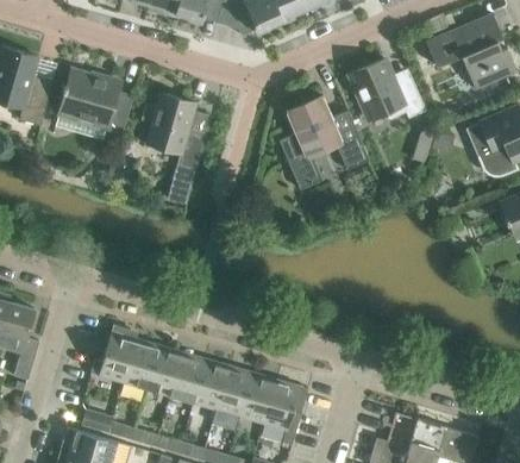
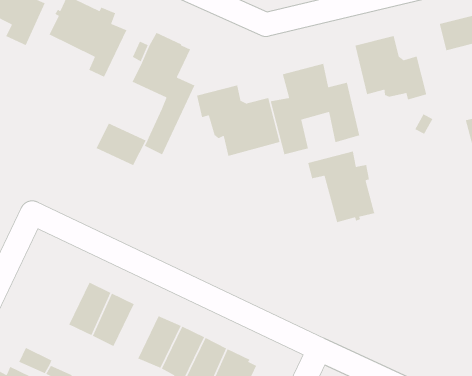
building: none -> [196,84,281,157]
building: none -> [307,151,377,223]
building: none -> [96,123,147,166]
building: [90,324,136,381] -> none
building: [169,351,206,402] -> none

